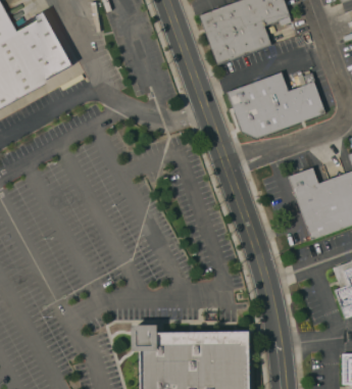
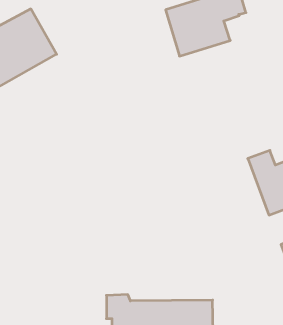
building: [227,74,323,140] -> none

